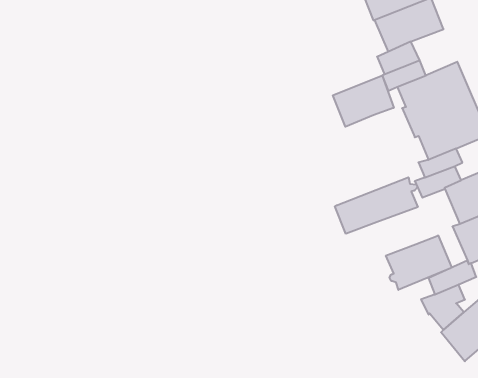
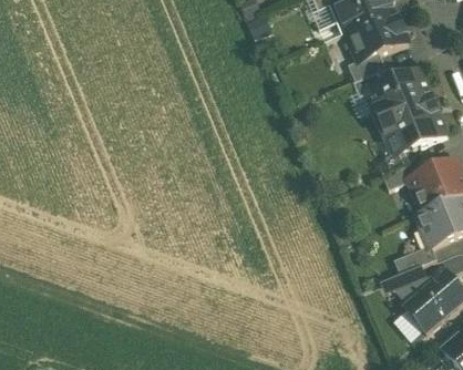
building: [333,76,394,127] -> none
building: [335,177,418,234] -> none
building: [386,235,452,290] -> none

